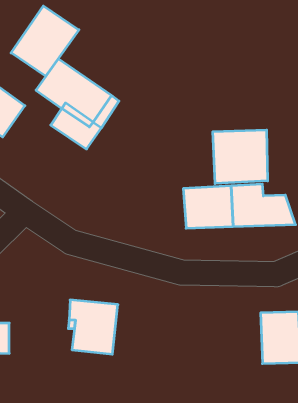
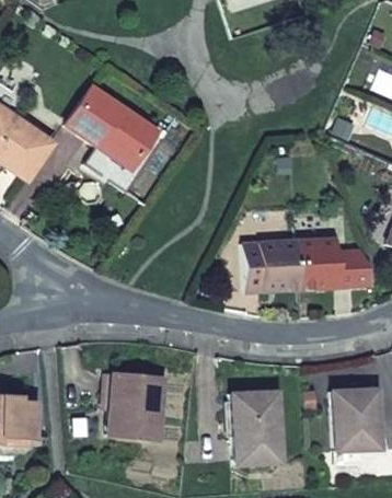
building: [11,6,79,76] -> none
building: [213,130,268,184] -> none
building: none -> [232,392,280,464]

